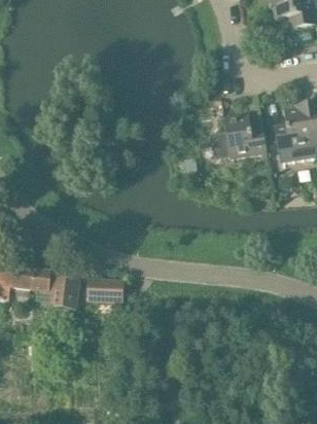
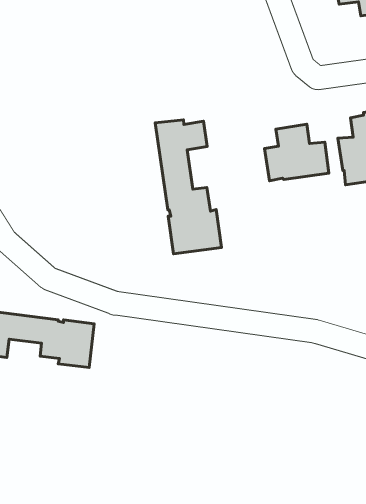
building: none -> [155,120,221,254]
building: [86,279,122,301] -> none

